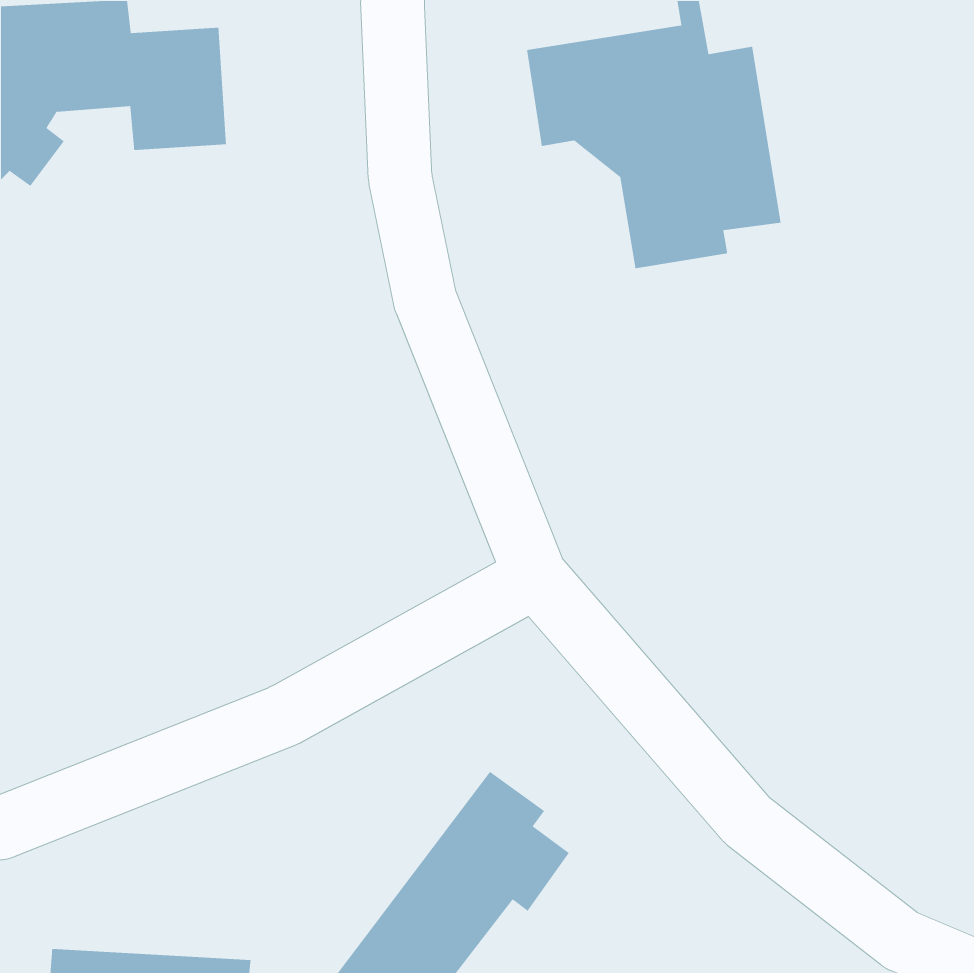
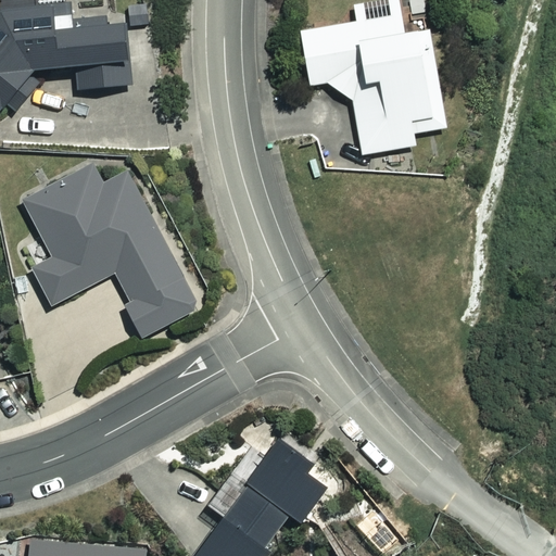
building: none -> [24,164,195,334]

